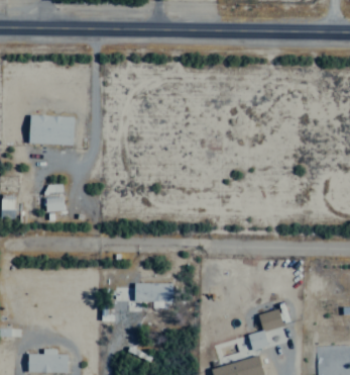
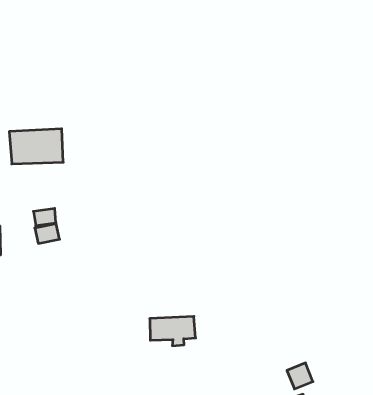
building: [258,309,283,332] -> none

